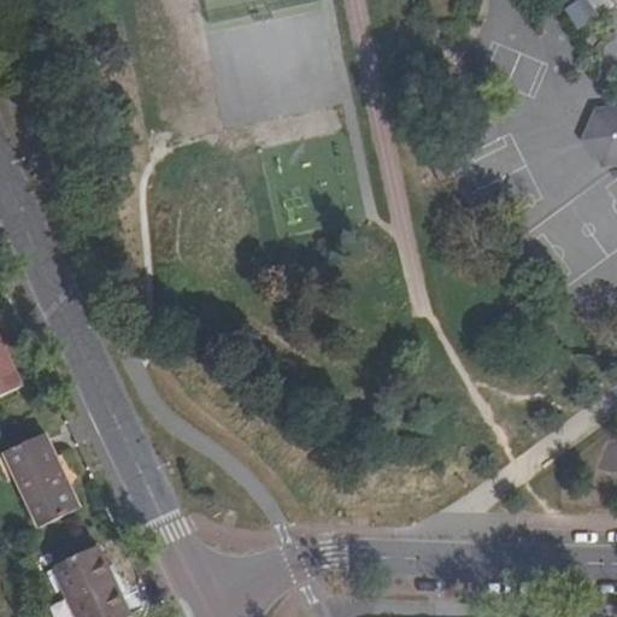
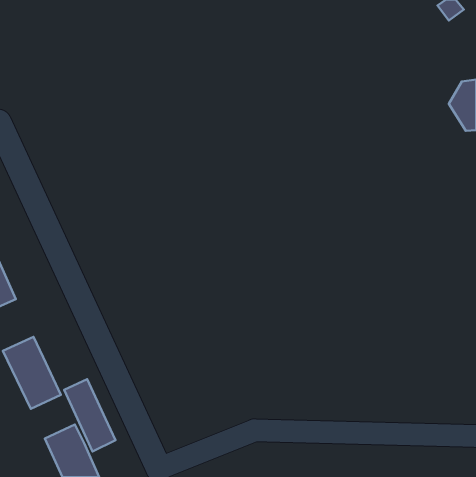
building: none -> [64,379,116,452]

